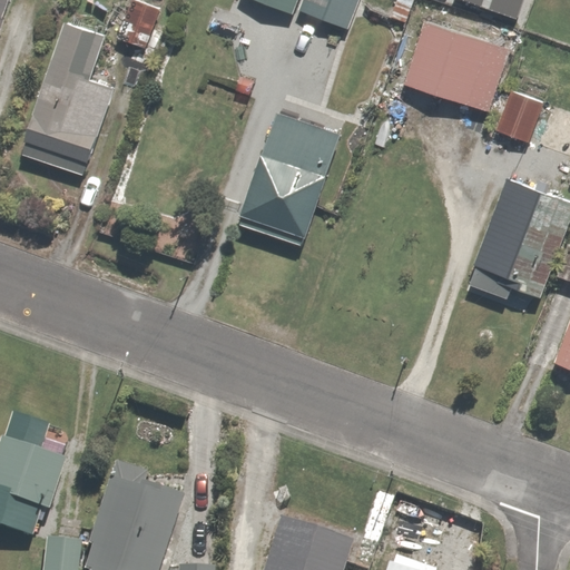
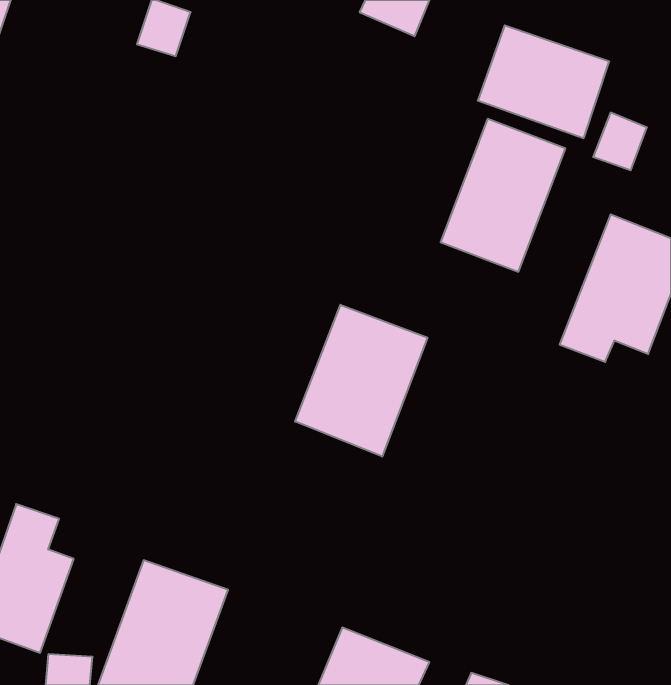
building: [22,24,112,176] -> none
building: [238,111,342,238] -> [441,119,565,272]
building: none -> [295,305,427,457]

